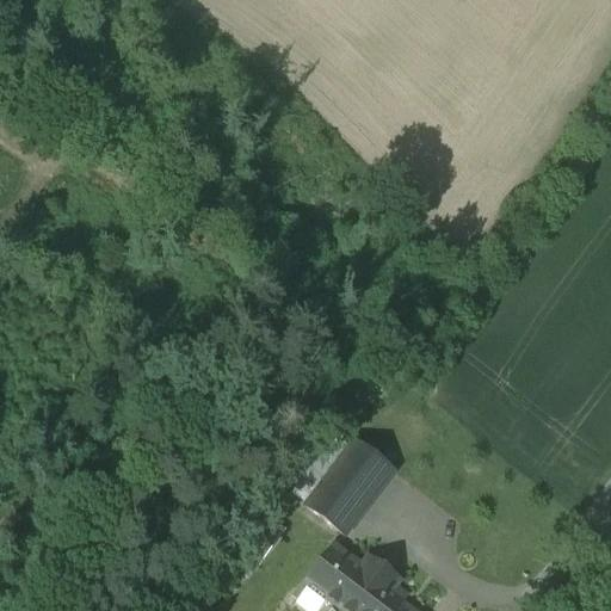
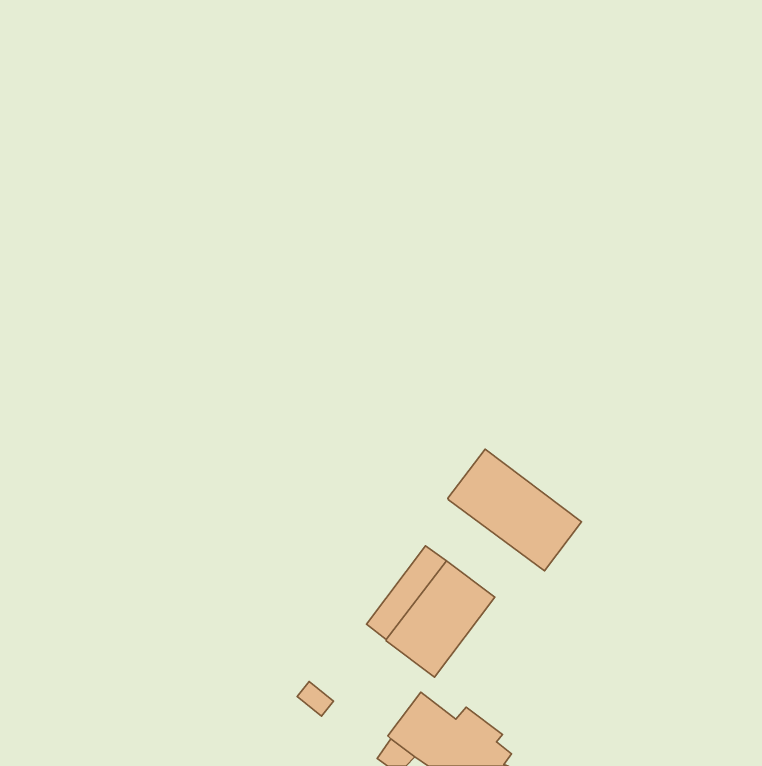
building: none -> [448,449,582,571]

